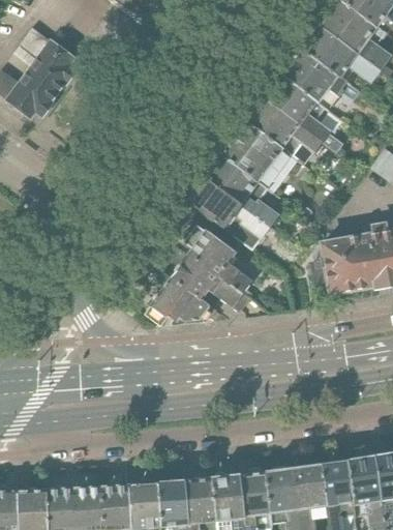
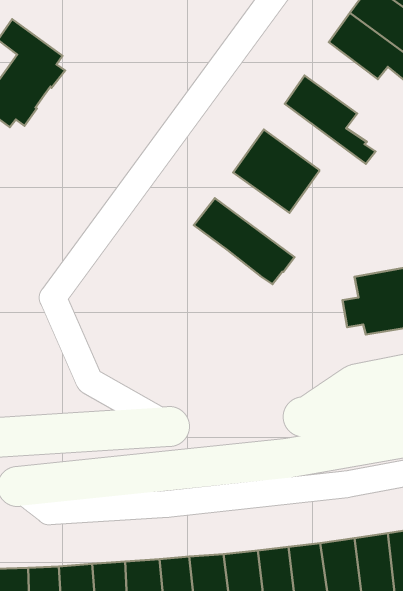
building: [279,46,347,110] -> none
building: [245,97,323,153] -> none
building: [204,155,280,227] -> none
building: [147,220,253,325] -> none

